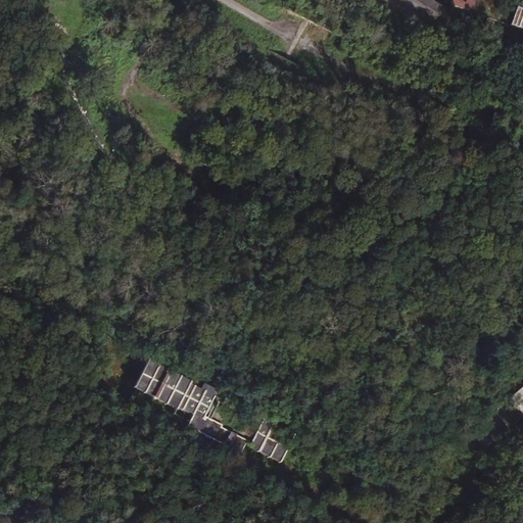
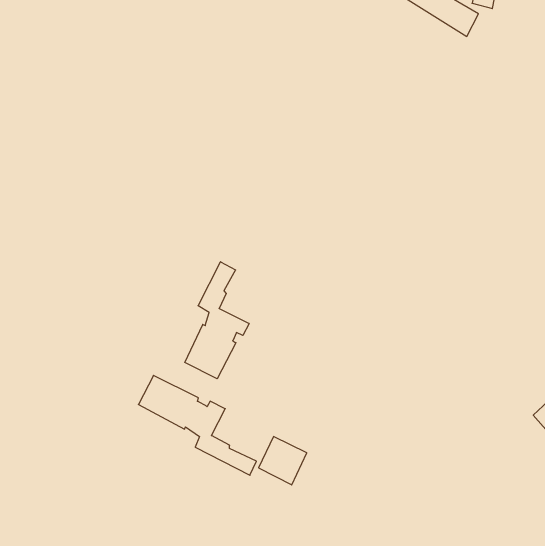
building: none -> [185,262,249,379]

